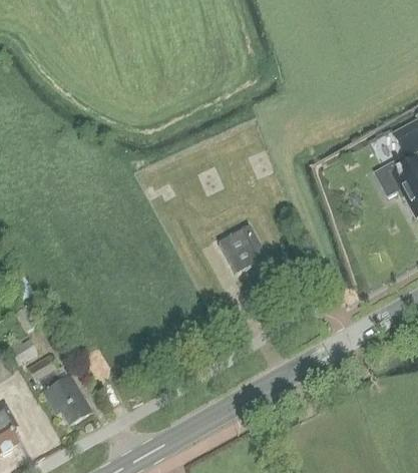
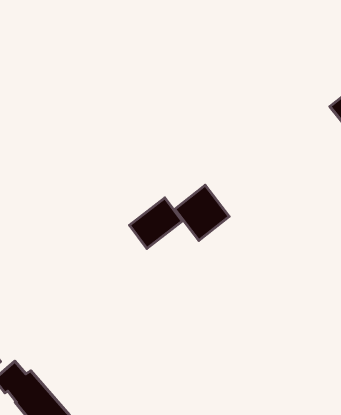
building: none -> [130,198,182,248]

